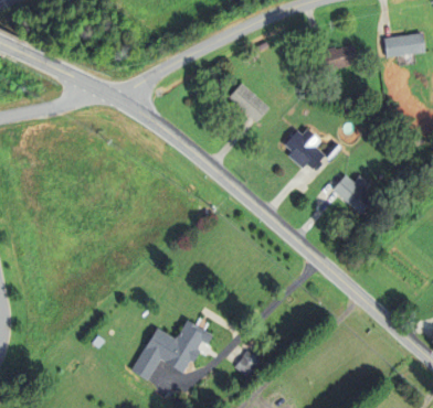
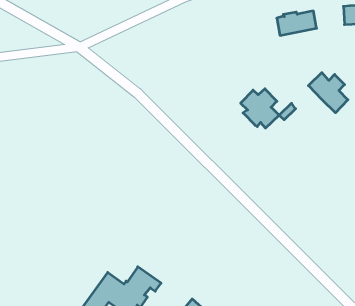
building: [229,82,270,122] -> none
building: [332,174,374,215] -> [308,73,348,113]

